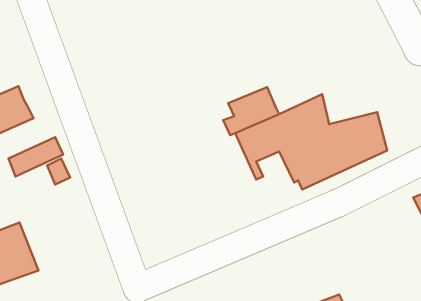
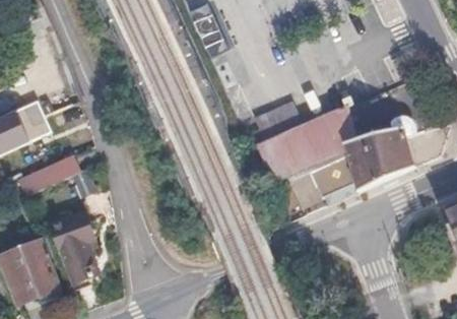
building: none -> [51,218,100,291]

